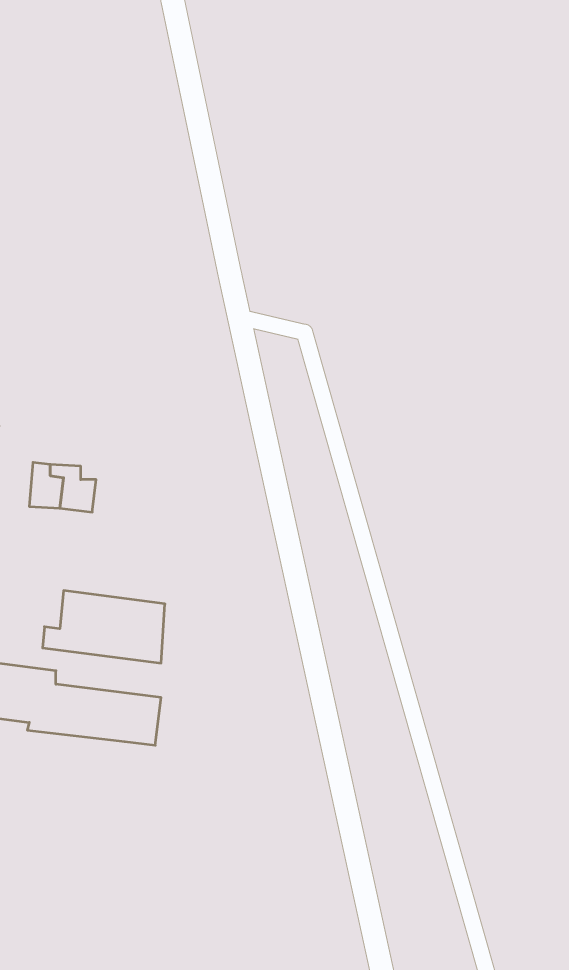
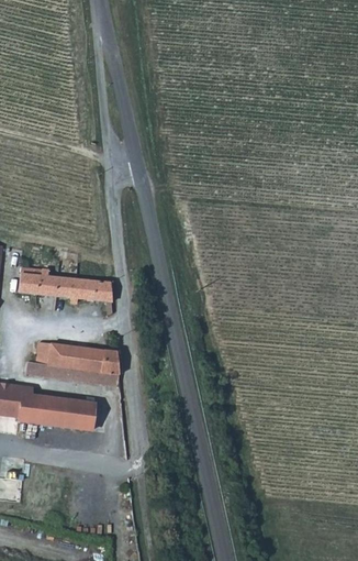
building: none -> [55,277,112,301]
building: none -> [99,350,120,386]

